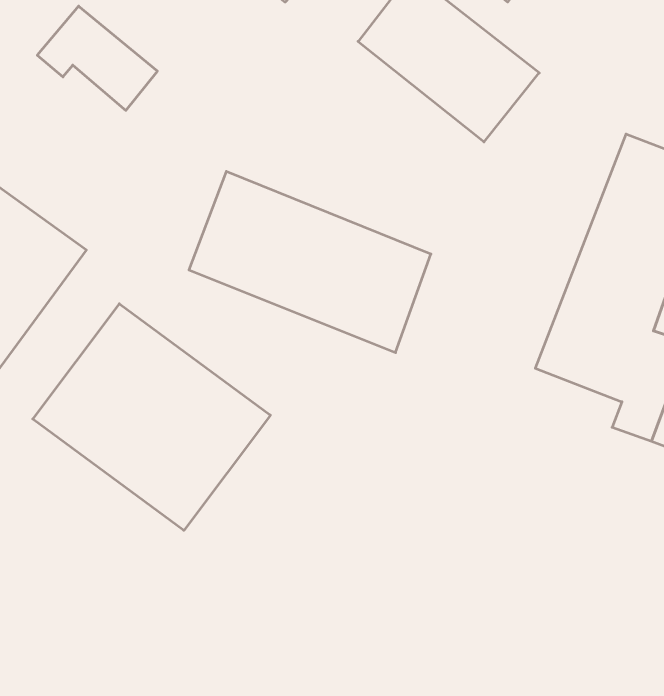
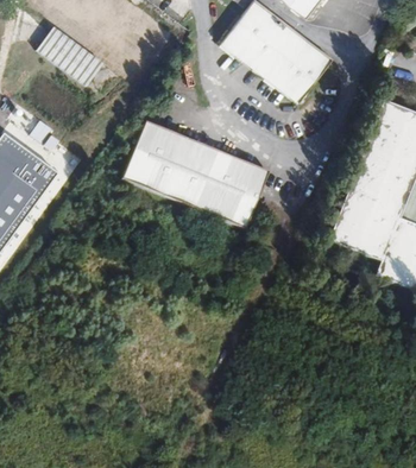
building: [33,304,270,530] -> none

